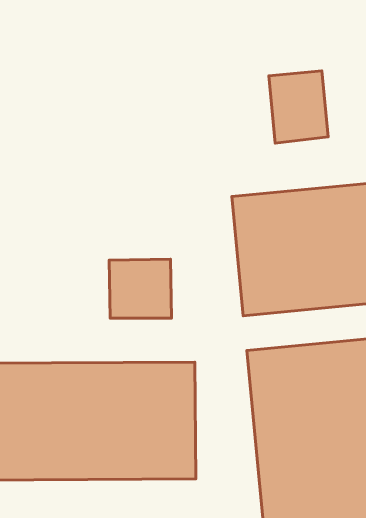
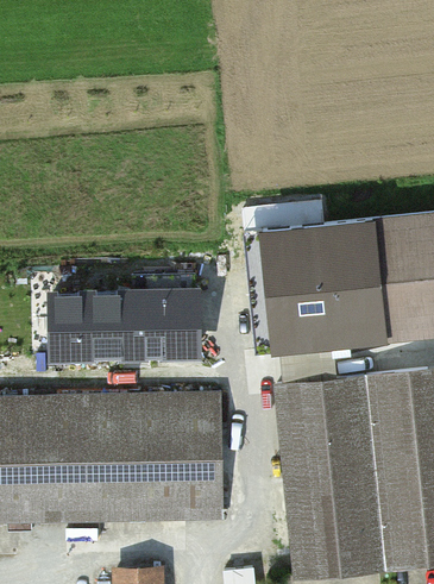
building: [269,71,328,143] -> none
building: none -> [52,294,134,356]

